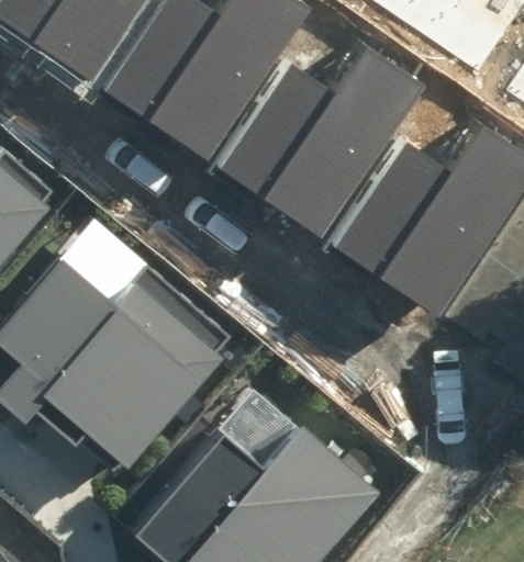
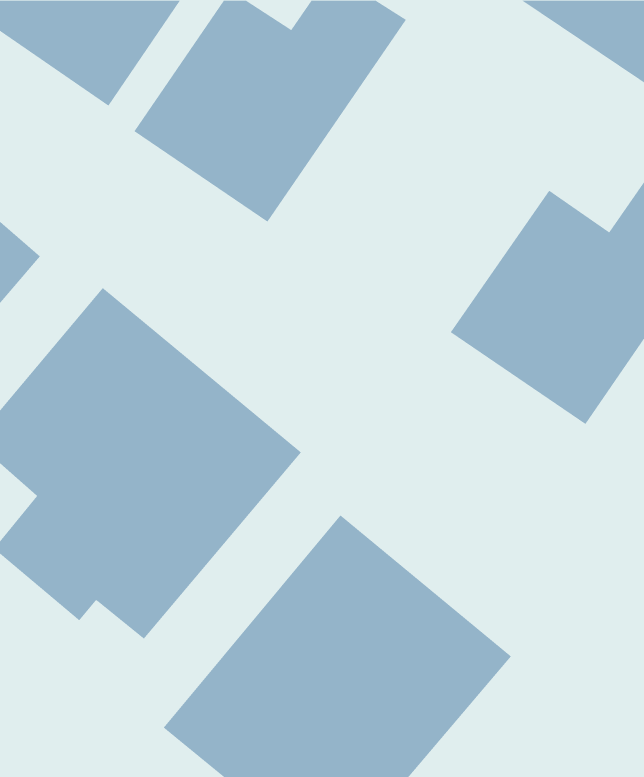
building: [226,56,421,236] -> none

